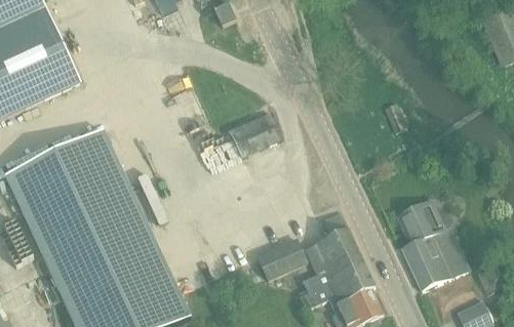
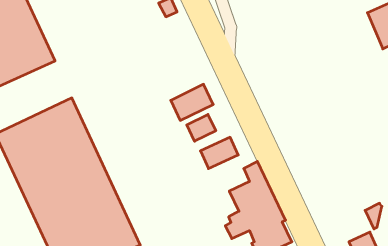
building: none -> [187,114,216,141]
building: [396,199,469,290] -> none
building: [258,239,306,279] -> [200,137,238,169]

